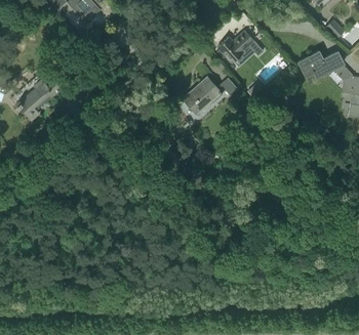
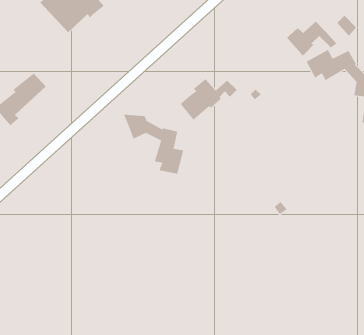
building: [217,31,264,62] -> [286,21,337,56]
building: none -> [123,114,184,175]

